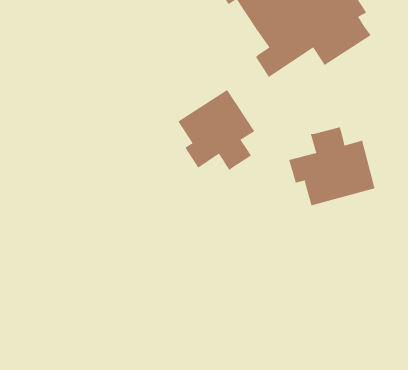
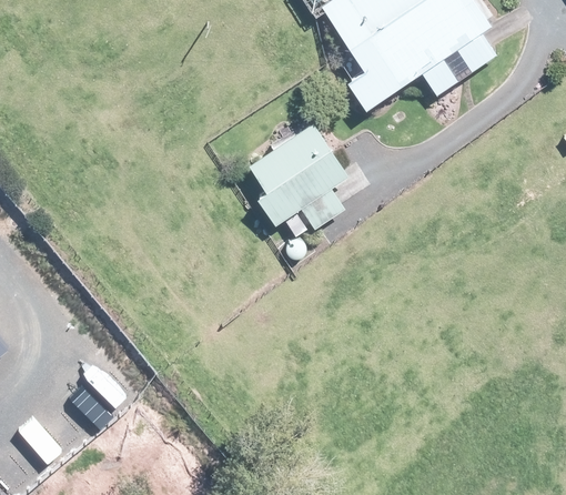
building: [288,126,375,206] -> none

